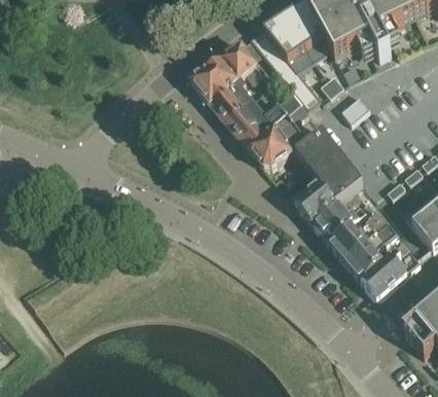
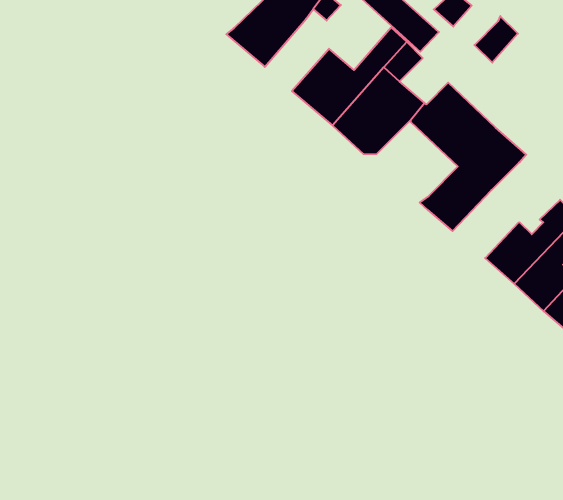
building: [210,75,251,118] -> none
building: [309,197,367,239] -> none

